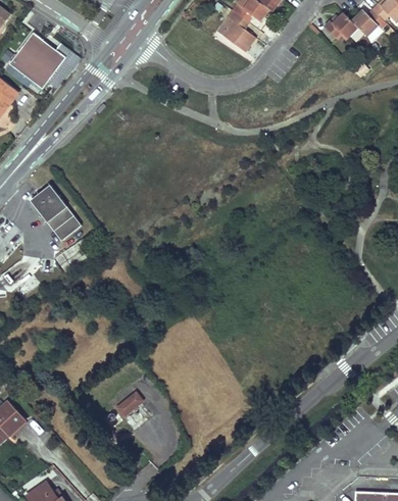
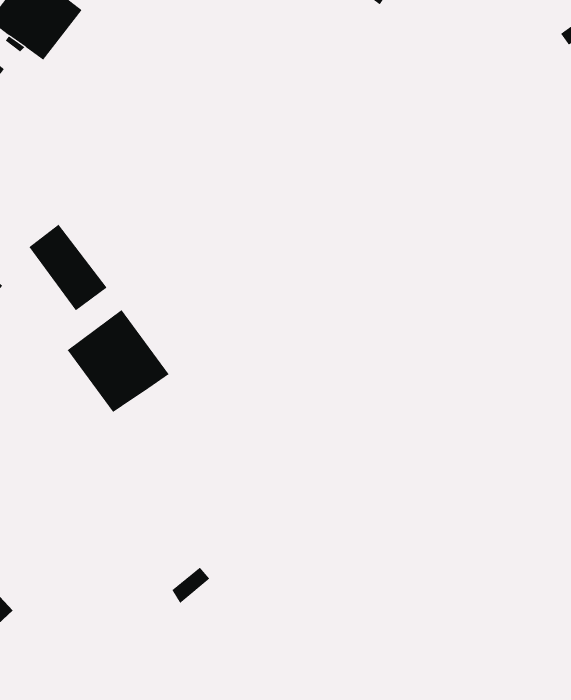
building: none -> [67,309,169,413]

